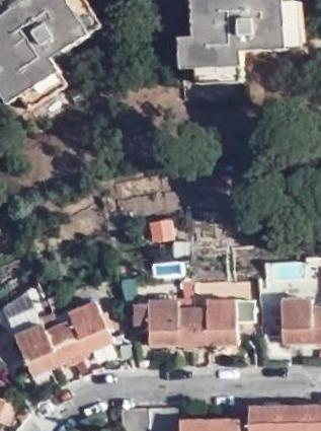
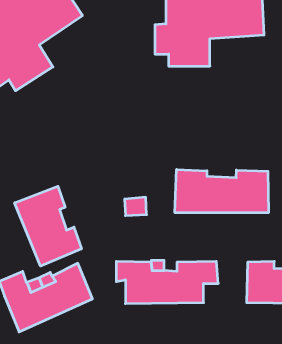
building: none -> [175,169,268,213]
building: none -> [15,186,81,266]

